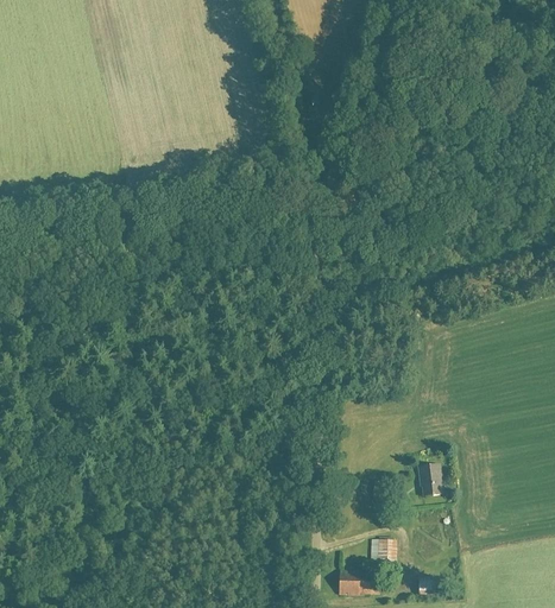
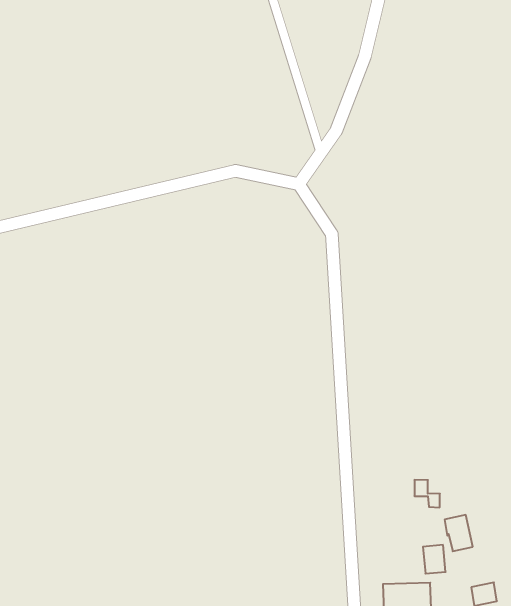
building: [418,464,441,495] -> [445,515,473,551]

